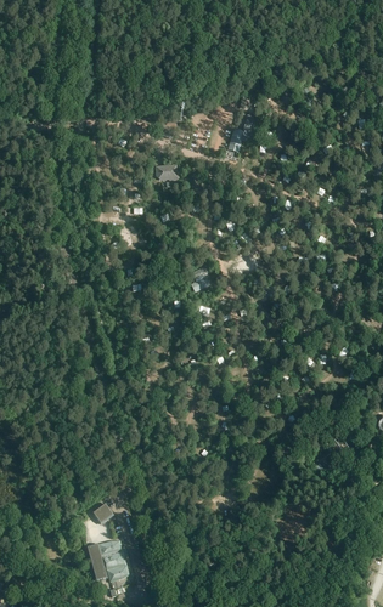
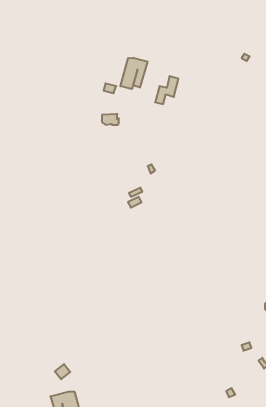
building: none -> [120,58,147,89]

